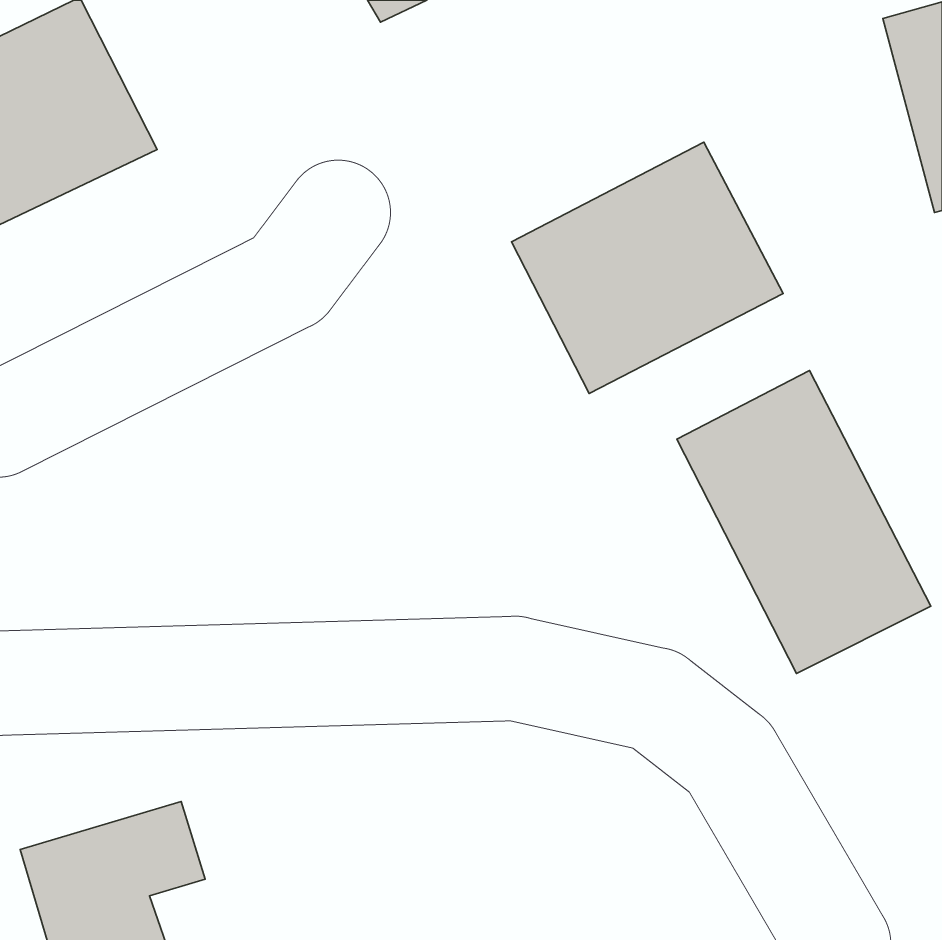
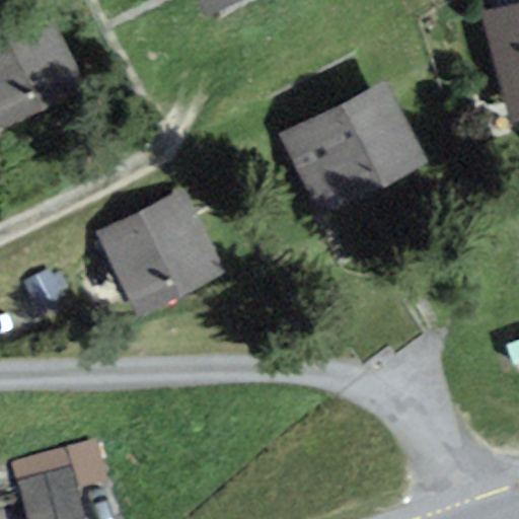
building: none -> [94,189,224,316]
building: [677,371,931,674] -> none

